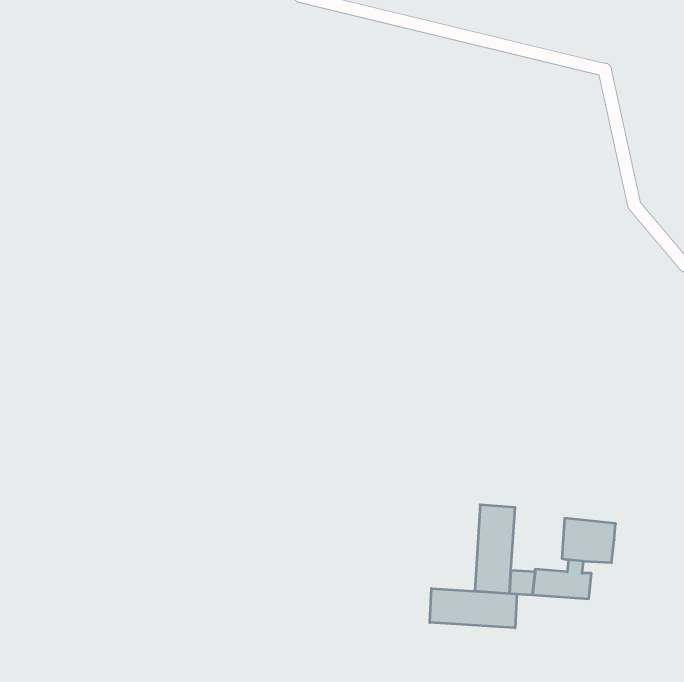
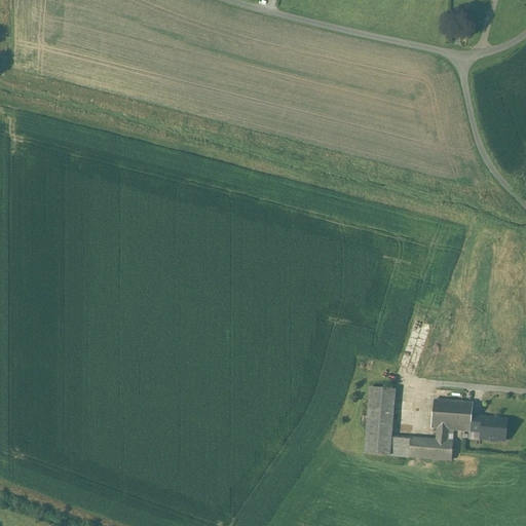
building: none -> [469,413,508,441]
building: [430,588,517,628] -> none

